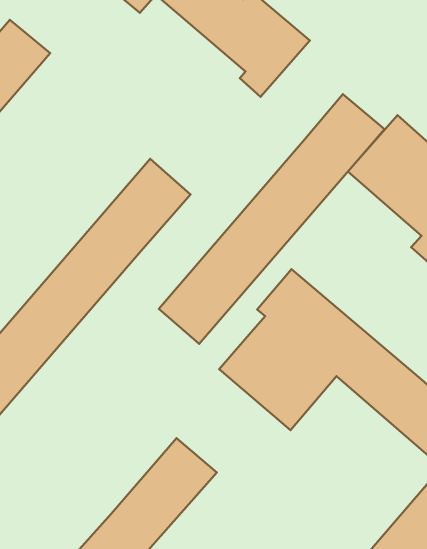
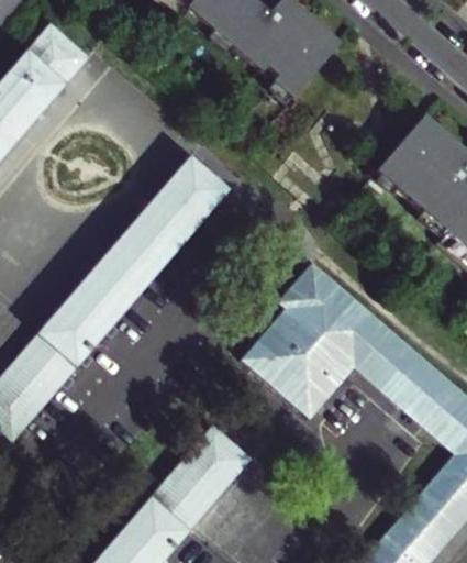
building: [159,94,384,344] -> none

